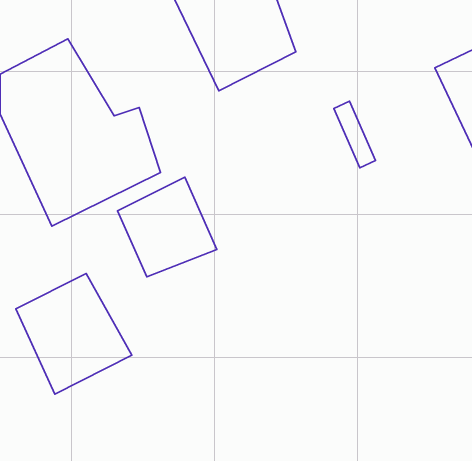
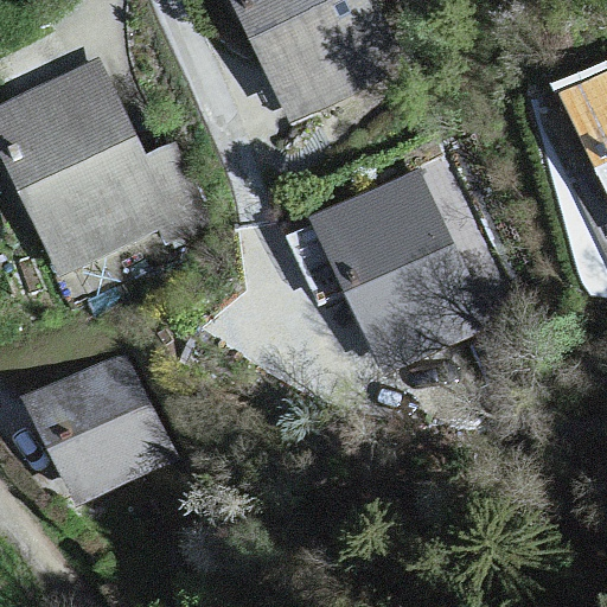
building: none -> [308,171,498,408]
building: [117,177,217,277] -> none

